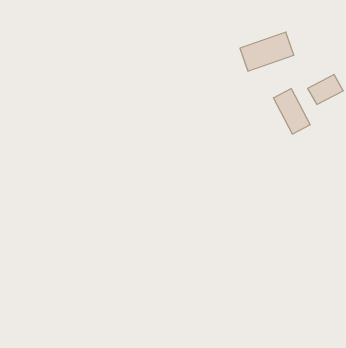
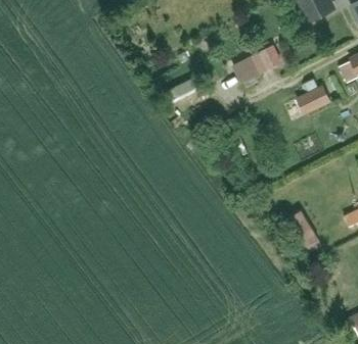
building: [273,88,310,134] -> none

